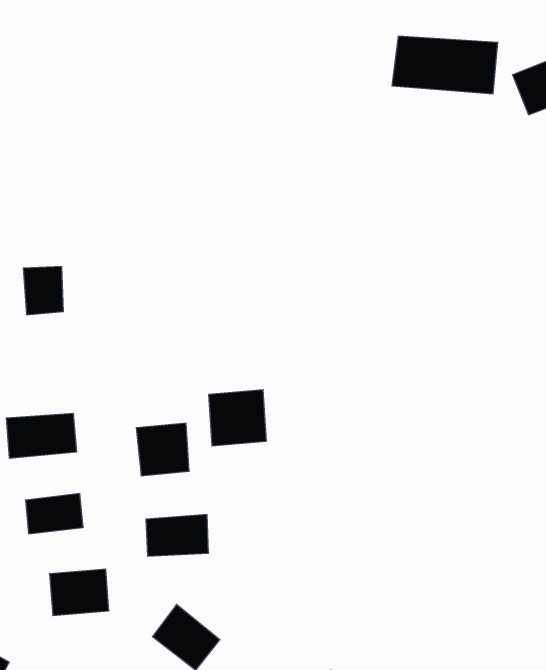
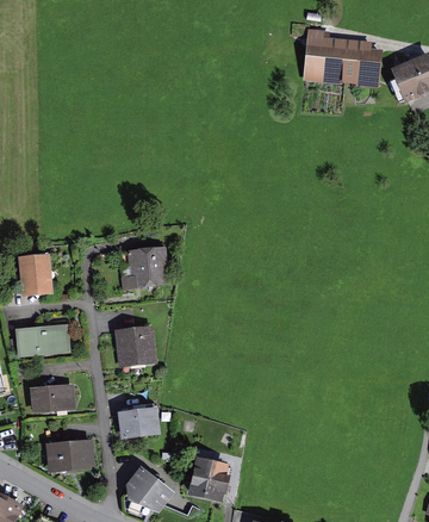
building: [23,267,63,315] -> [23,256,52,292]
building: [209,390,266,446] -> [123,247,166,288]
building: none -> [185,456,232,503]

